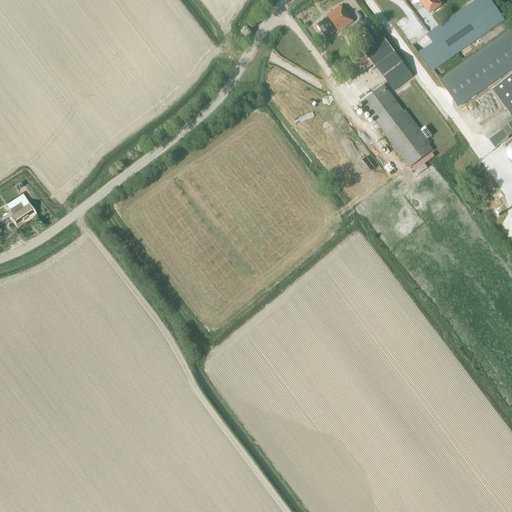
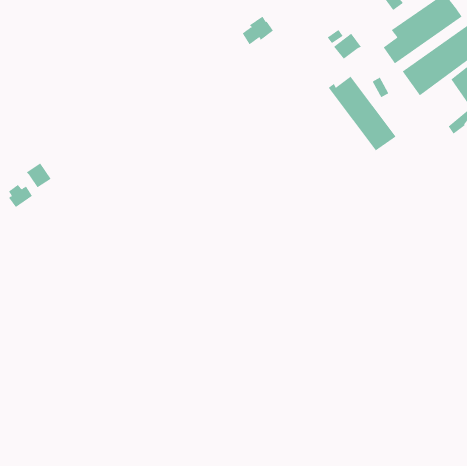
building: [319,4,354,36] -> [242,16,274,45]
building: [376,51,414,90] -> none
building: none -> [26,162,51,188]

